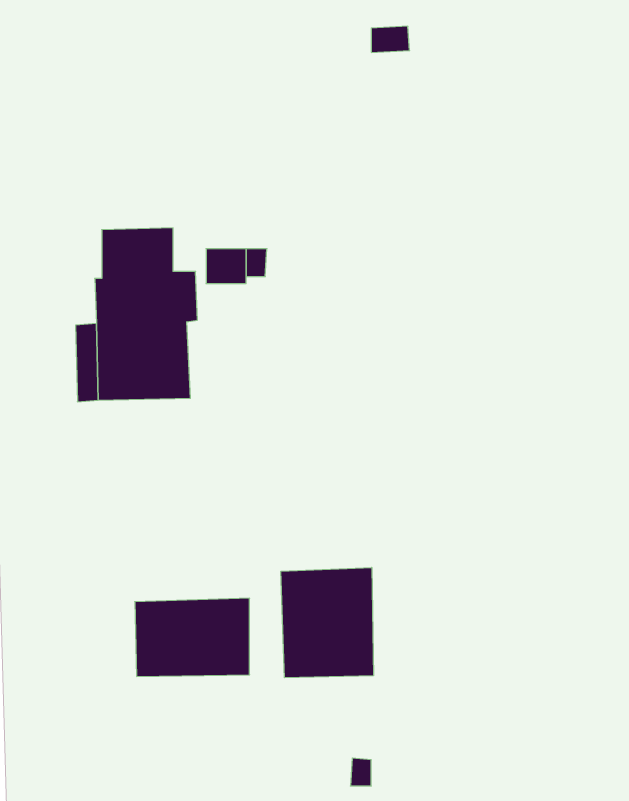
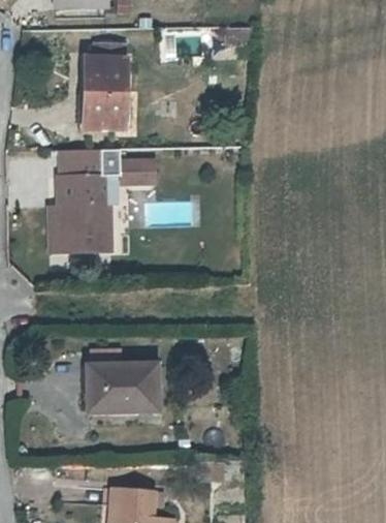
building: none -> [84,55,122,125]
building: [281,567,373,678] -> none

